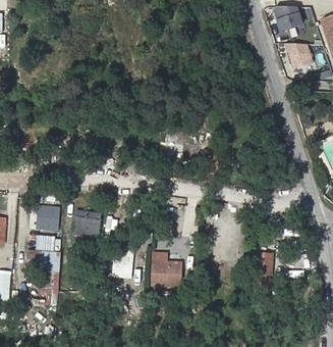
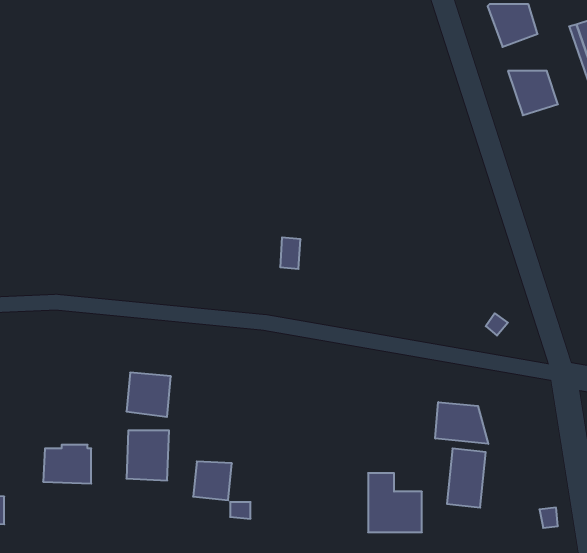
building: [37,204,60,232] -> [126,430,169,480]
building: none -> [435,402,488,444]
building: [151,250,180,283] -> [368,473,422,532]

